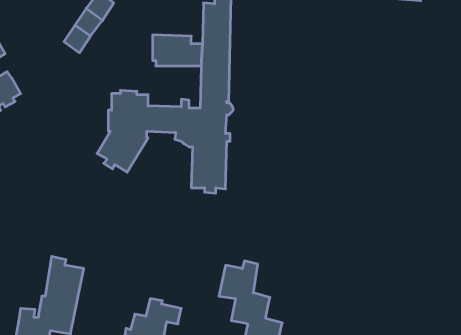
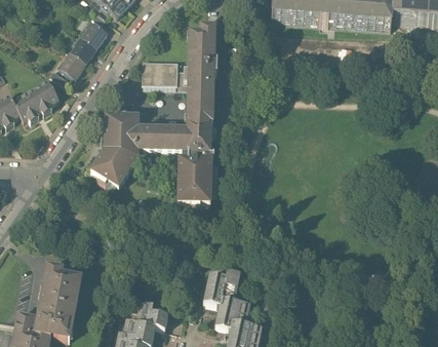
building: none -> [12,78,59,120]

